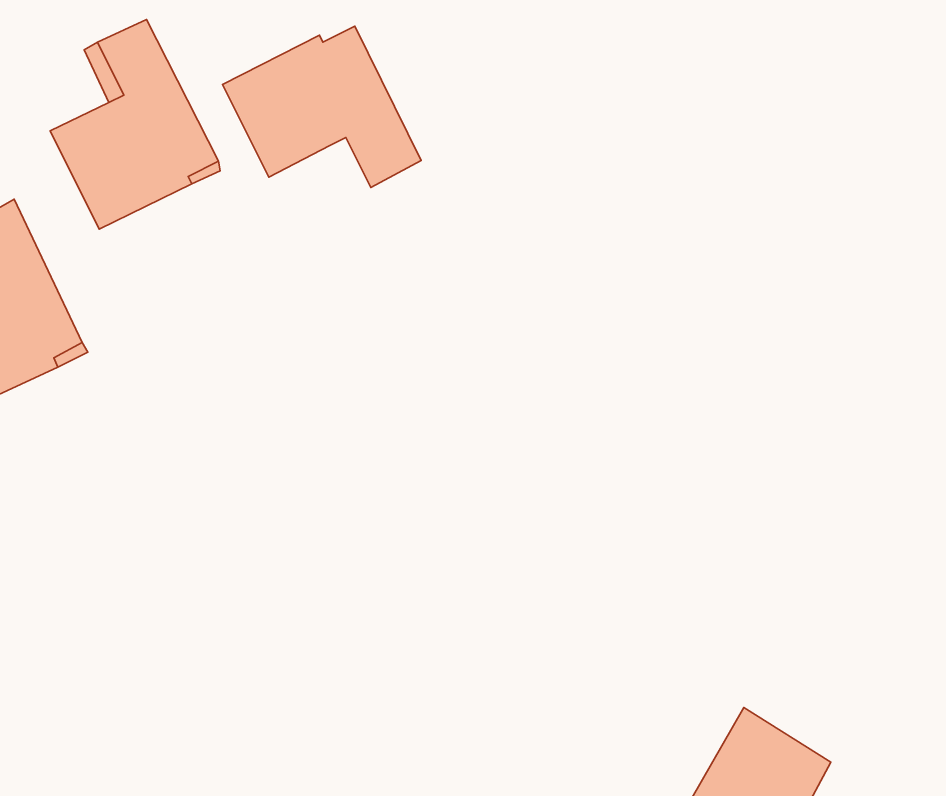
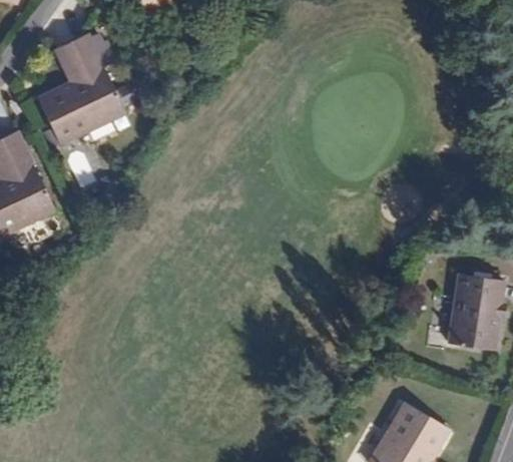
building: [222,26,421,187] -> none
building: none -> [446,273,504,349]

